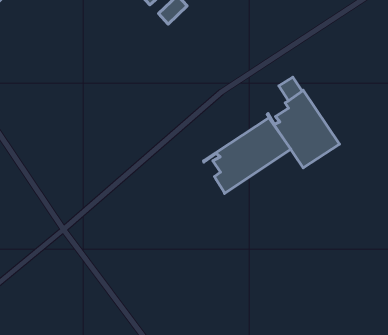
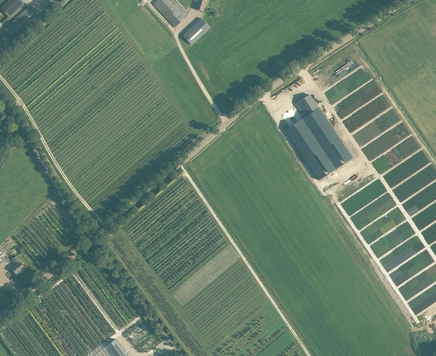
building: [203,118,291,193] -> none

